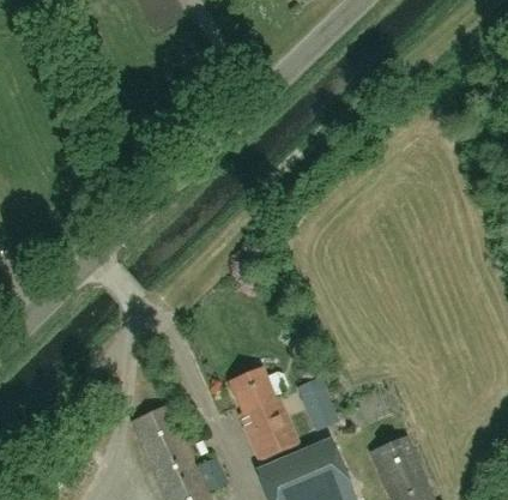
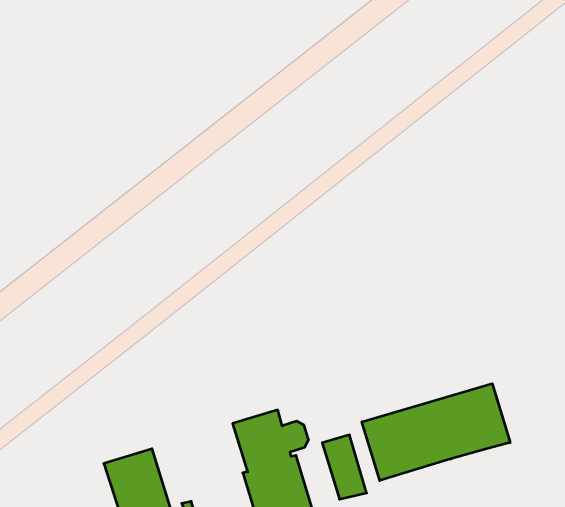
building: none -> [362,384,510,481]

